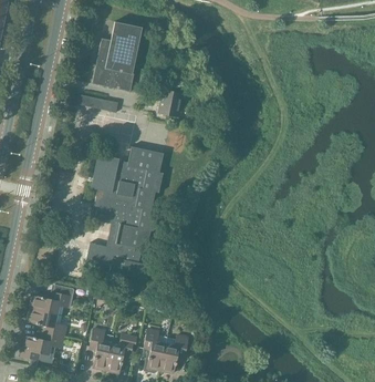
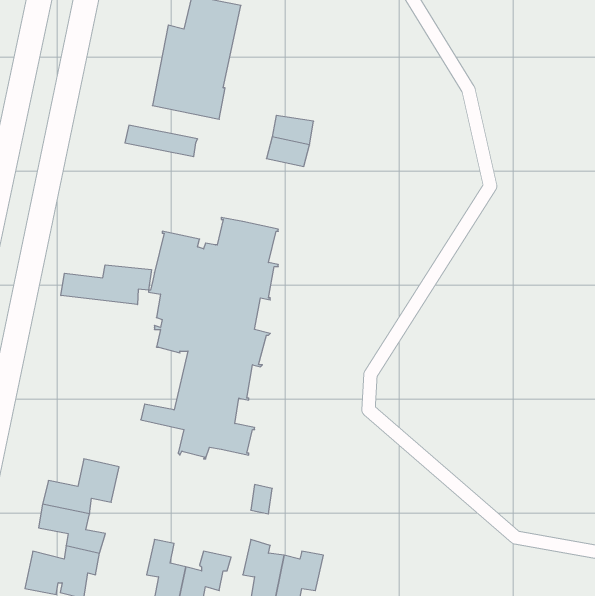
building: none -> [61,265,151,305]

